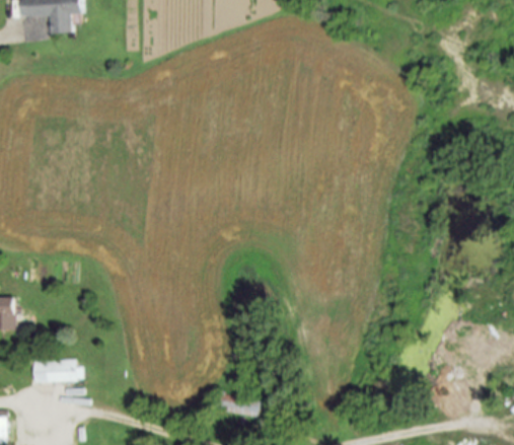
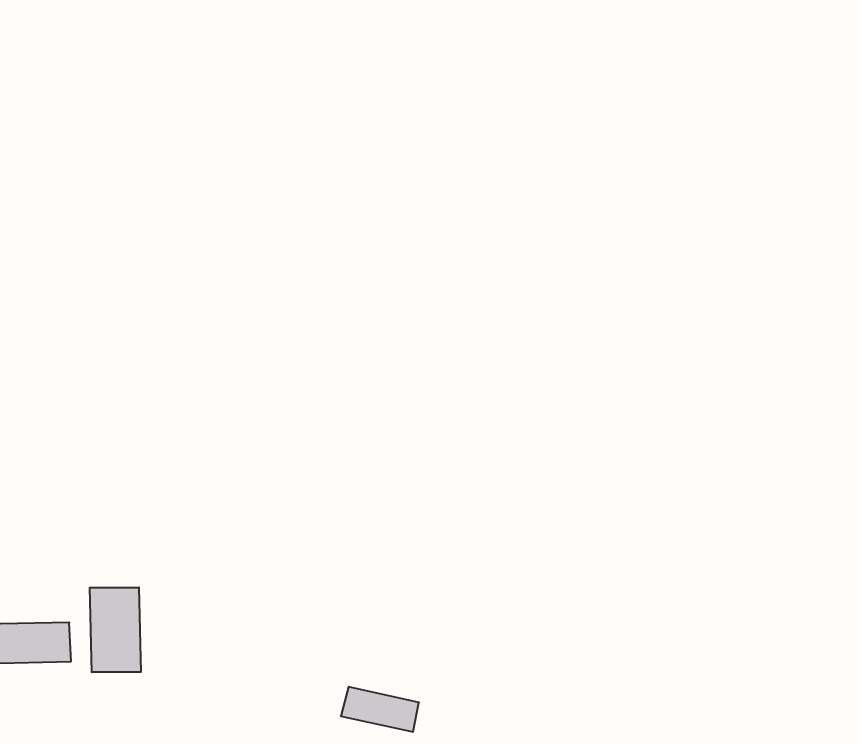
building: none -> [90,587,141,672]

